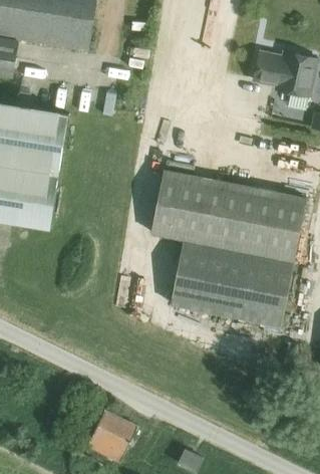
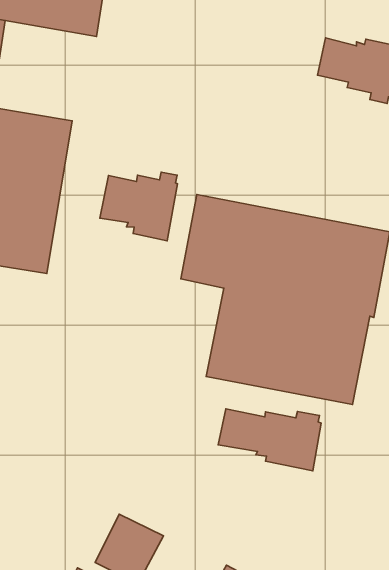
building: none -> [100,172,178,241]
building: none -> [218,409,321,471]

